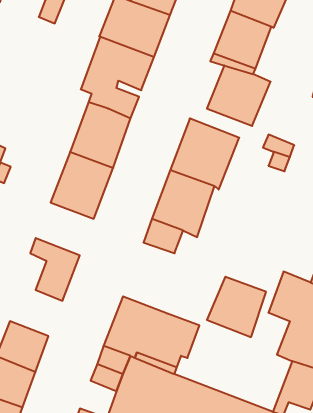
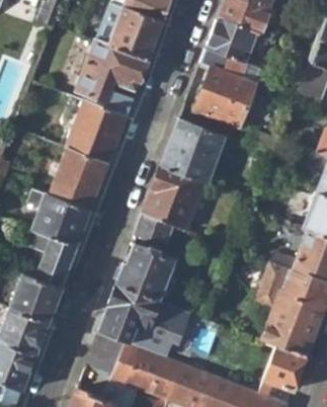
building: none -> [29,189,90,246]
building: [207,277,266,337] -> [117,244,173,301]
building: none -> [11,274,61,322]

